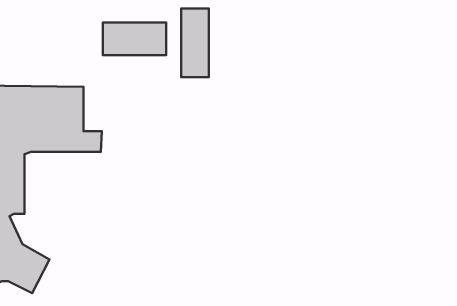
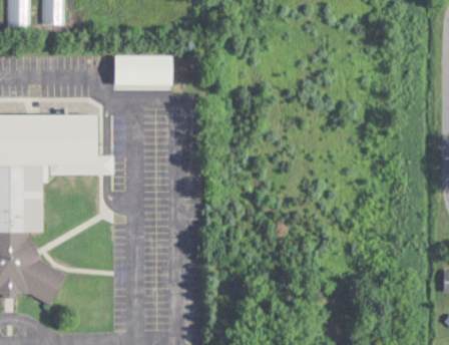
building: [181,9,209,77] -> none

